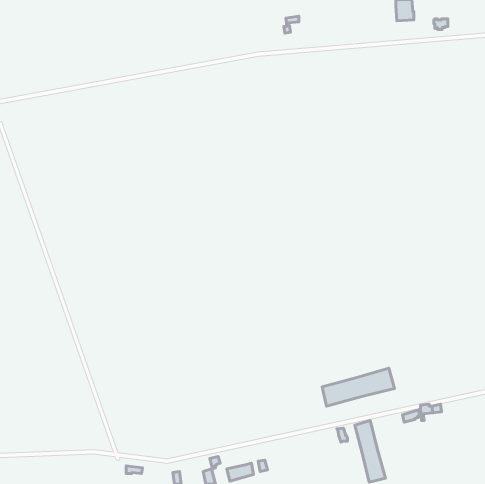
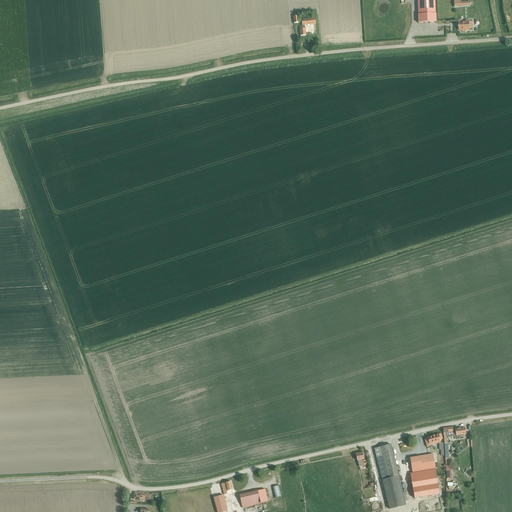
building: [322,368,395,406] -> none
building: none -> [410,453,440,497]

